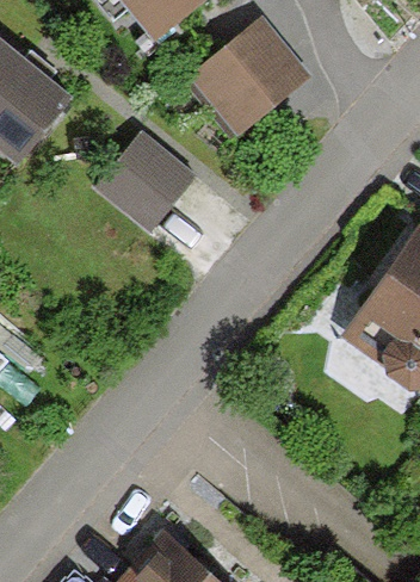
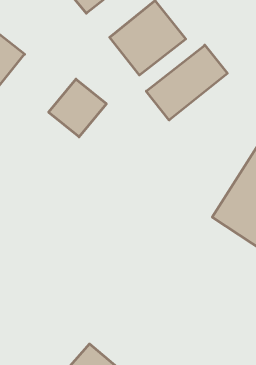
building: none -> [146,45,227,120]

